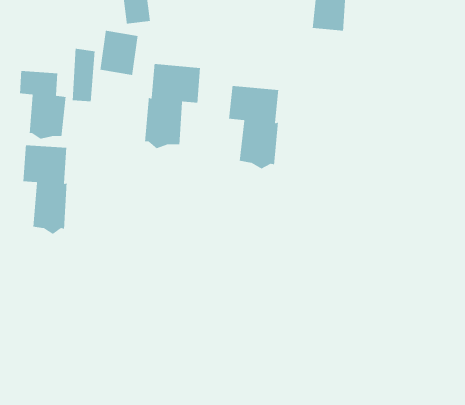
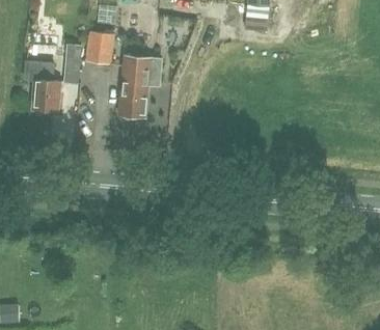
building: [228,85,279,169] -> none
building: [22,145,67,235] -> none

